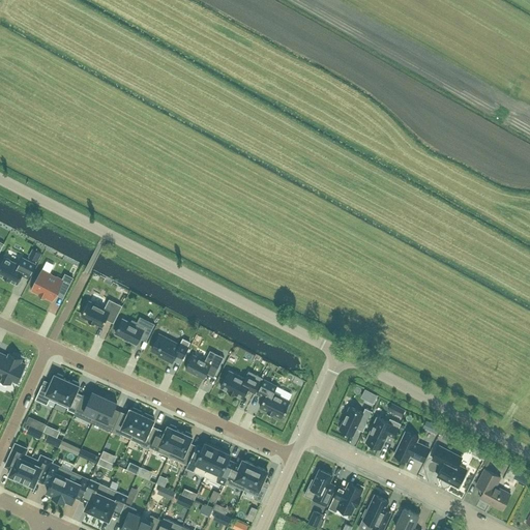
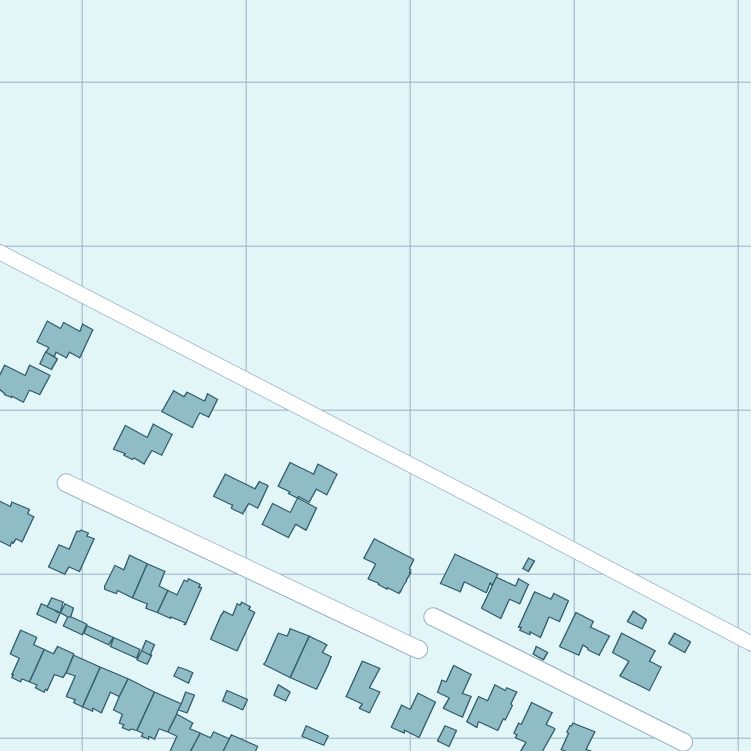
building: [32,272,71,298] -> [37,321,93,358]
building: [114,319,153,345] -> [162,391,218,428]
building: [219,371,261,399] -> [278,463,337,502]
building: [56,380,81,413] -> none
building: none -> [440,554,498,593]
building: [130,413,155,449] -> none
building: [168,432,196,465] -> none
building: [224,460,255,491] -> [391,693,435,737]
building: [476,470,508,509] -> none

